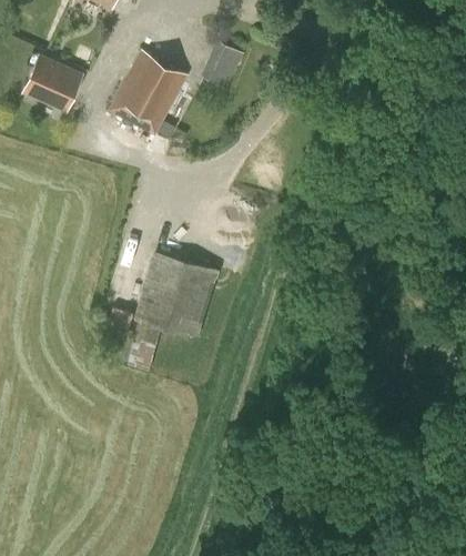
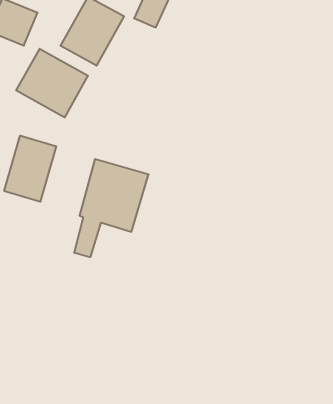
building: none -> [16,49,88,117]
building: none -> [4,136,56,202]

